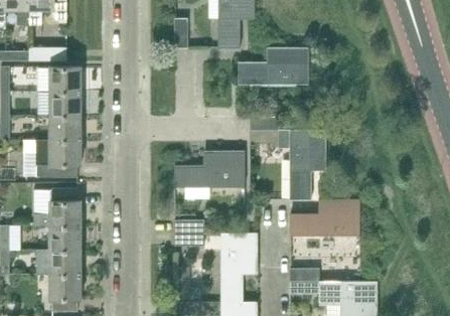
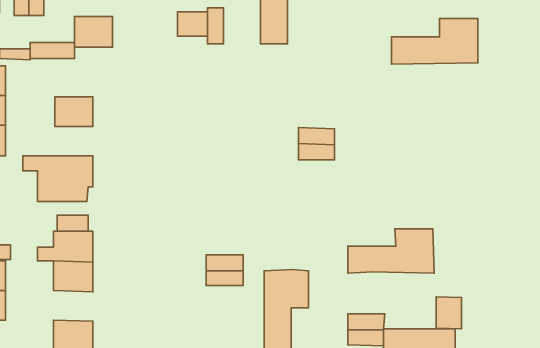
building: none -> [177,12,207,36]
building: [238,47,308,85] -> [391,18,478,64]
building: [49,66,81,92] -> [74,16,113,47]
building: [49,116,81,140] -> none
building: [289,130,325,199] -> none
building: [173,151,244,187] -> none
building: [35,250,81,275] -> none
building: none -> [436,297,461,329]

